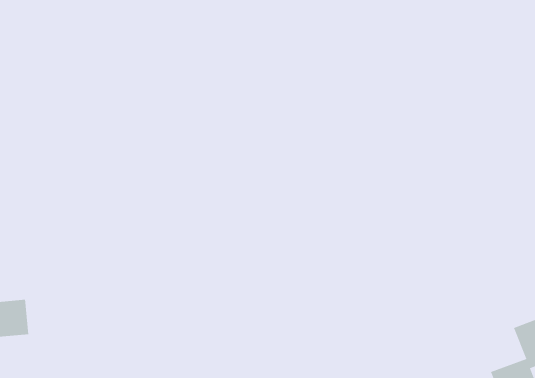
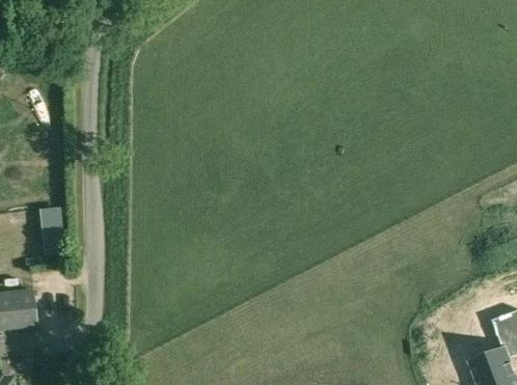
building: none -> [40,207,63,250]

